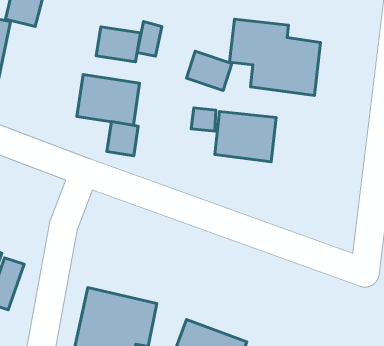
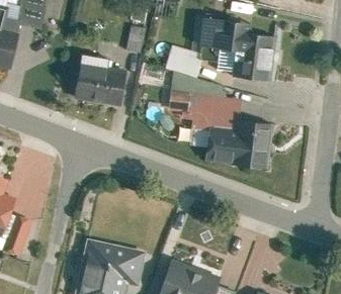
building: [96,27,140,62] -> none
building: [107,122,138,156] -> none
building: none -> [207,119,276,169]

